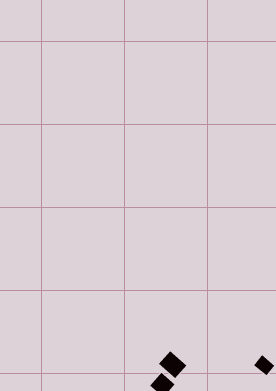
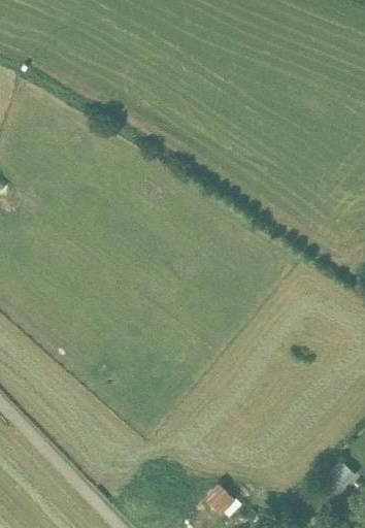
building: [158,350,187,379] -> none

